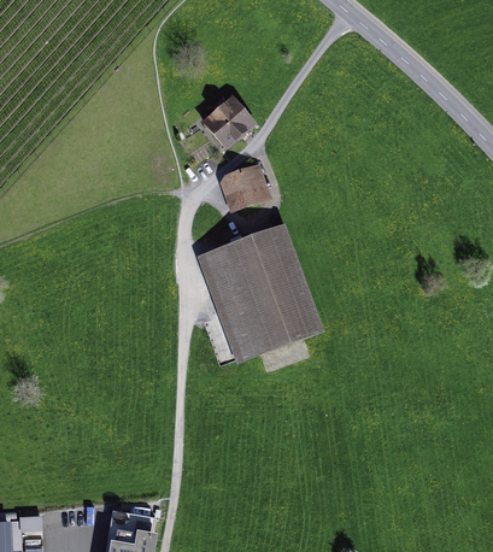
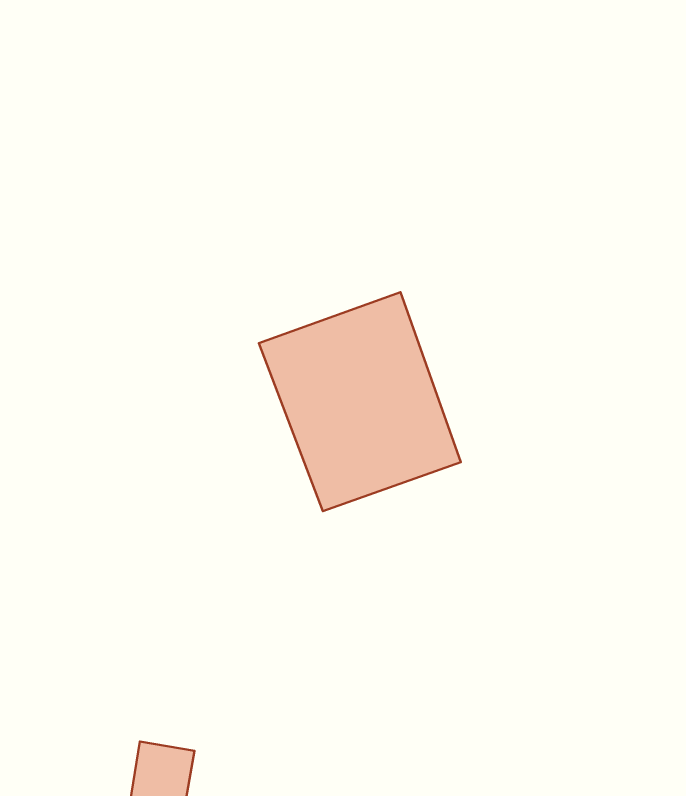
building: [204,95,257,148] -> none
building: [221,165,265,210] -> none

